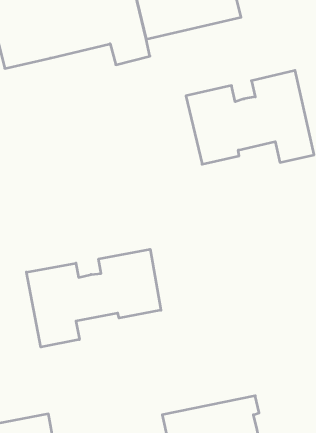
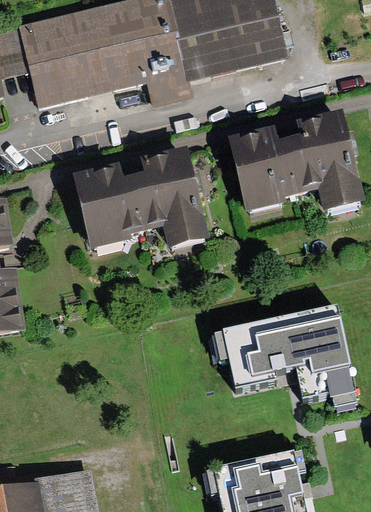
building: none -> [73,151,206,247]
building: [26,249,161,347] -> none
building: none -> [225,307,356,400]

